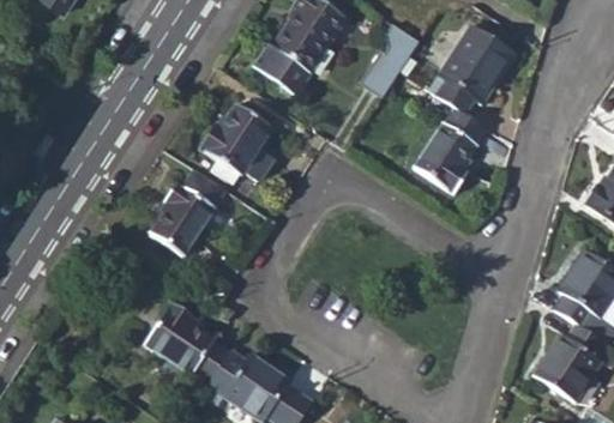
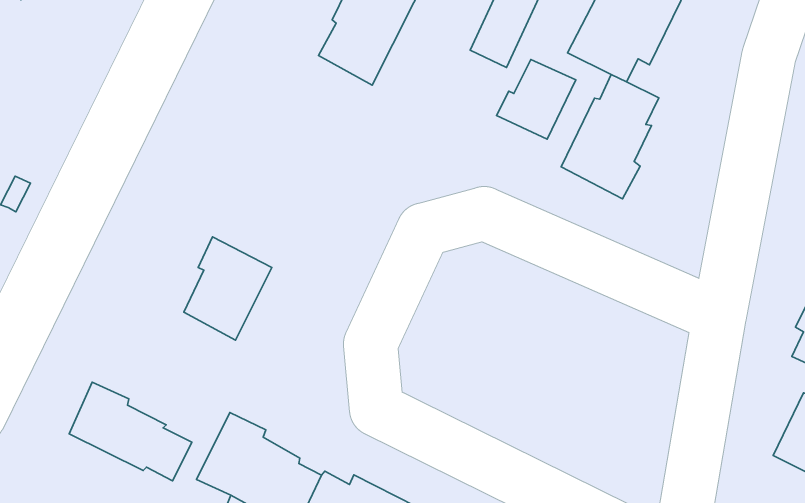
building: none -> [497,60,576,139]
building: [200,103,272,174] -> none
building: none -> [69,382,192,481]

